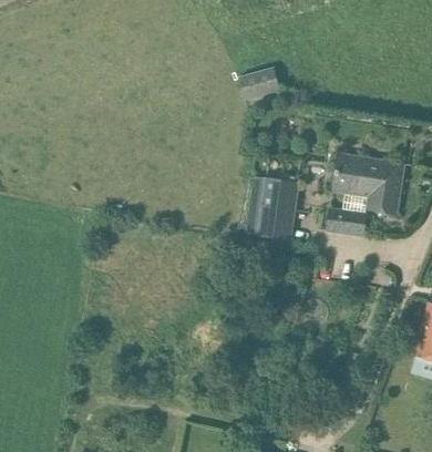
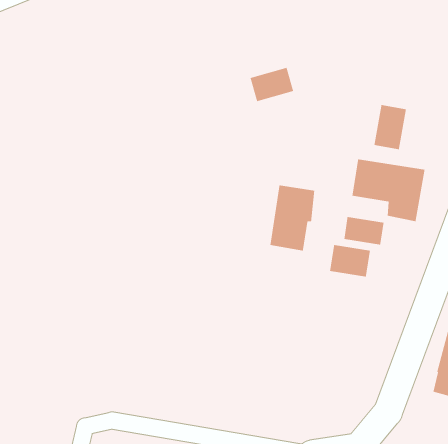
building: none -> [373,104,407,150]
building: none -> [329,244,371,277]

